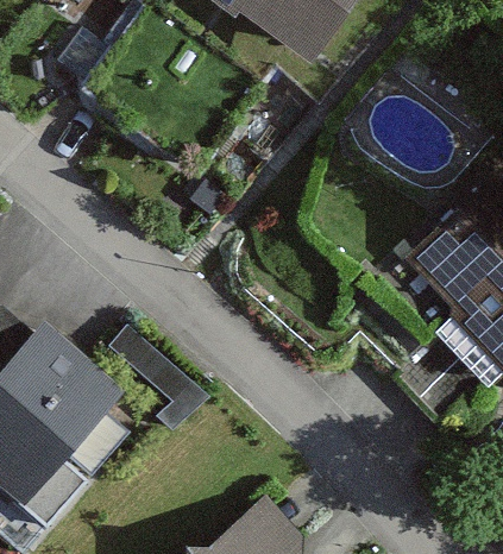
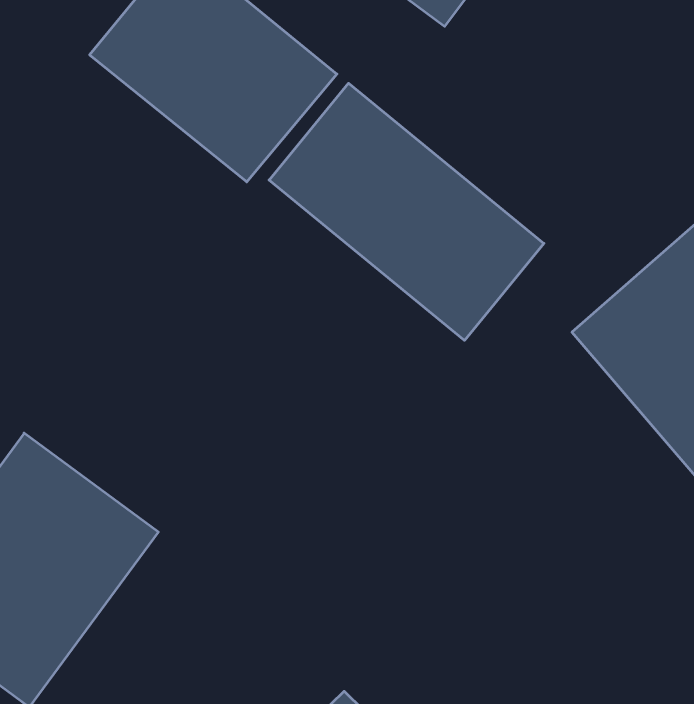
building: none -> [269,83,544,340]

